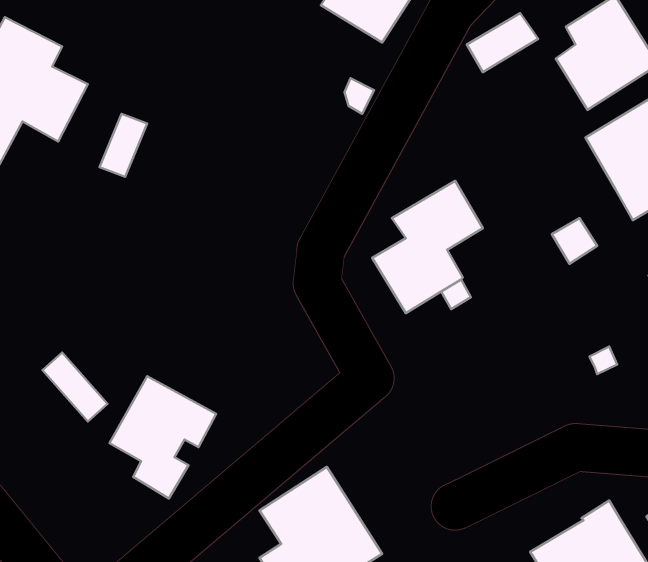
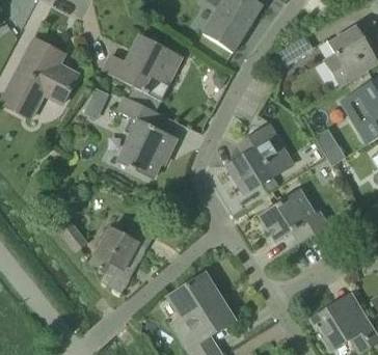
building: none -> [104,33,181,98]
building: none -> [115,94,176,178]
building: none -> [259,189,329,242]

